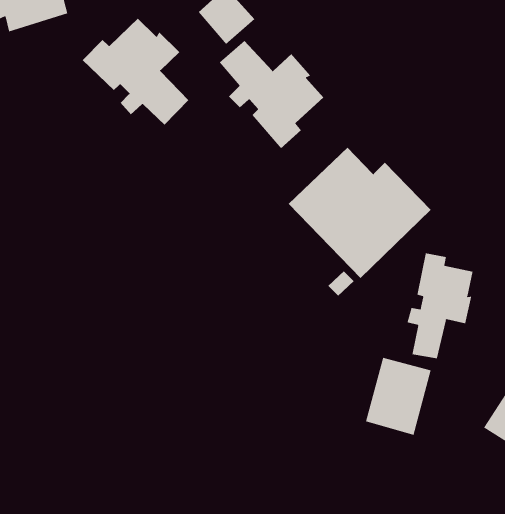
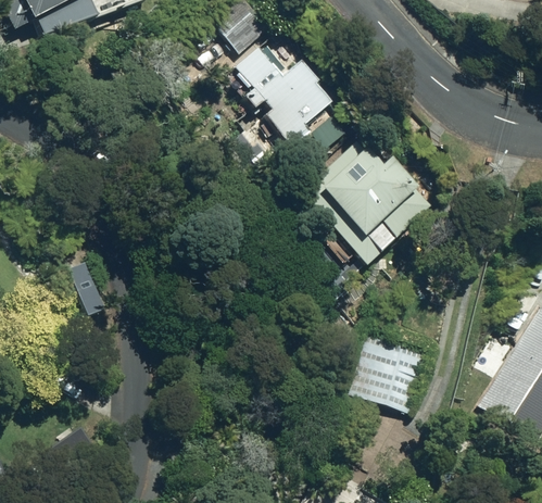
building: [82,18,189,126] -> none
building: [407,253,473,359] -> none

